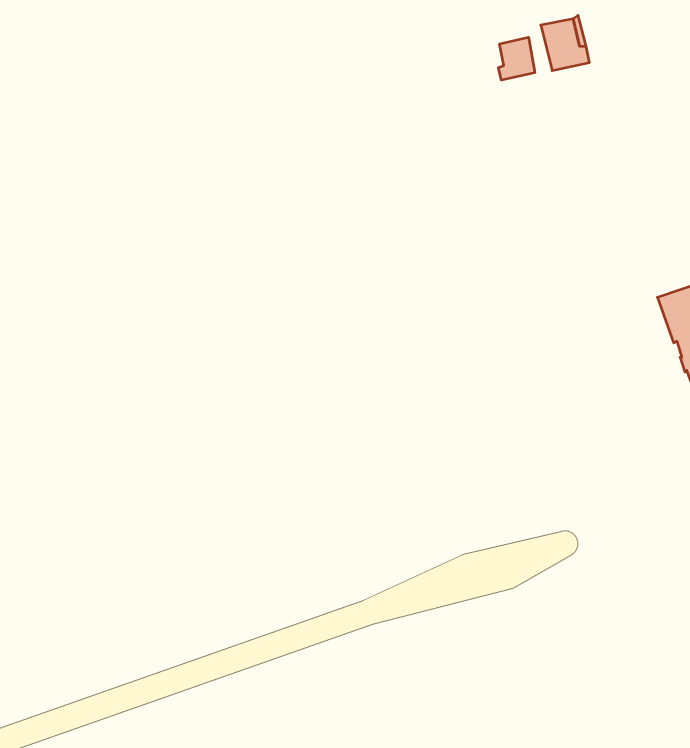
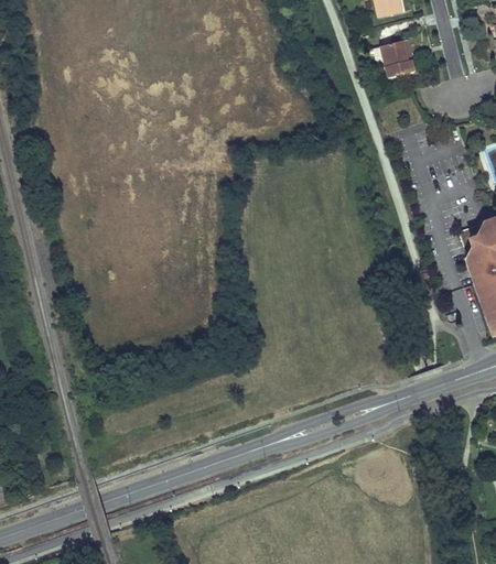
building: [498,37,535,80] -> none

